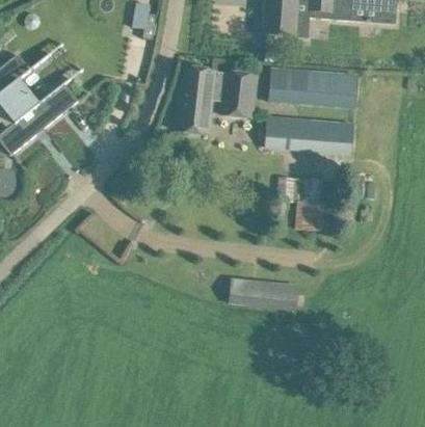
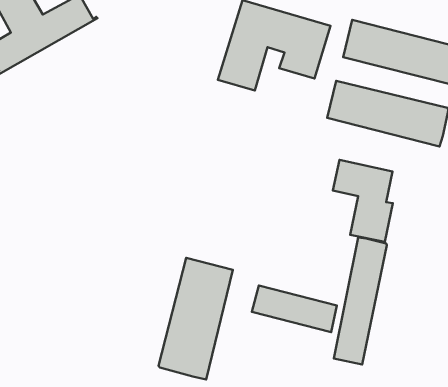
building: none -> [334,238,387,364]
building: none -> [159,258,233,379]

